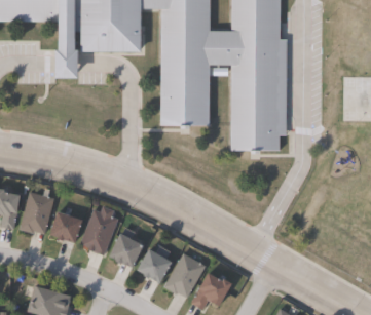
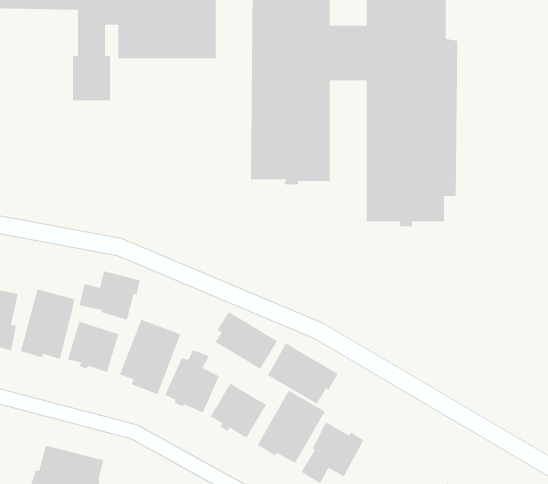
building: none -> [79,270,140,321]
building: none -> [215,311,278,369]
building: none -> [267,343,339,404]

